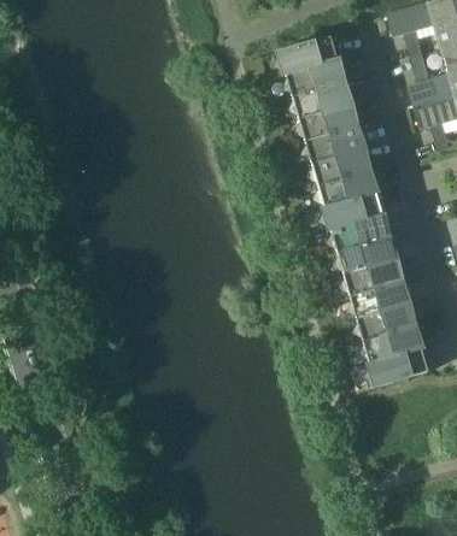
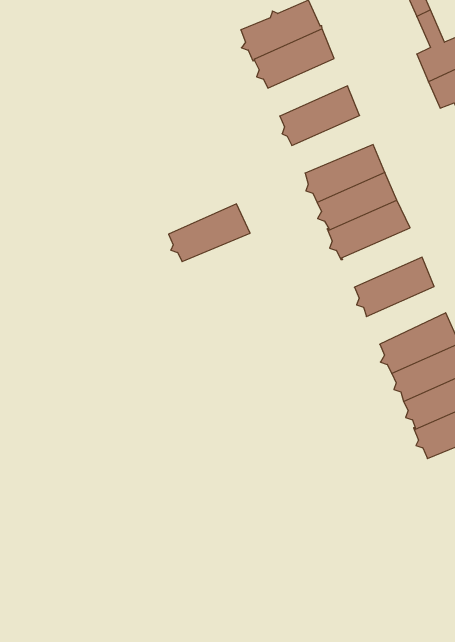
building: [293,79,353,117] -> none
building: [306,124,367,161] -> [169,204,250,262]
building: [332,212,392,251] -> none
building: [345,258,404,295] -> none

